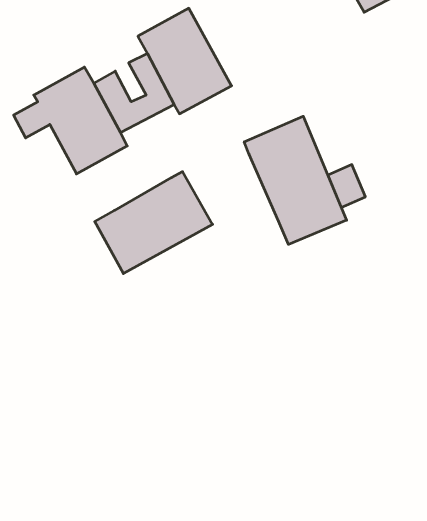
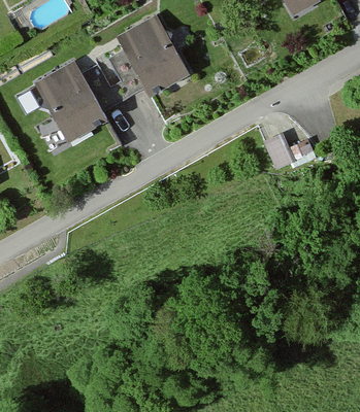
building: [244,116,347,244] -> none
building: [95,172,213,274] -> none

